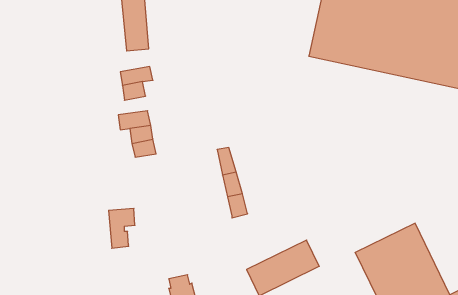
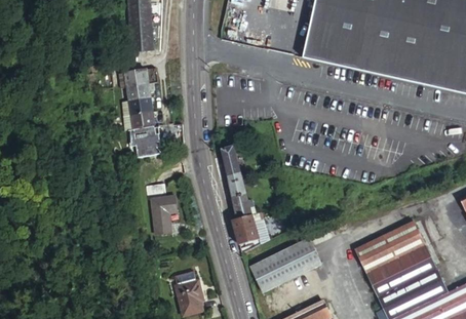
building: none -> [123,97,154,116]
building: [109,208,135,248] -> [150,195,176,234]
building: none -> [231,211,261,243]

